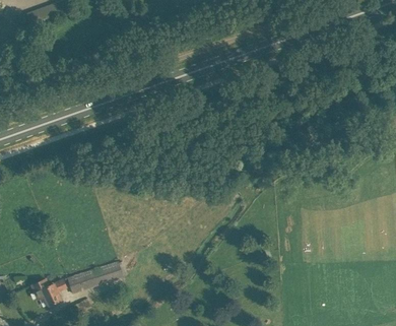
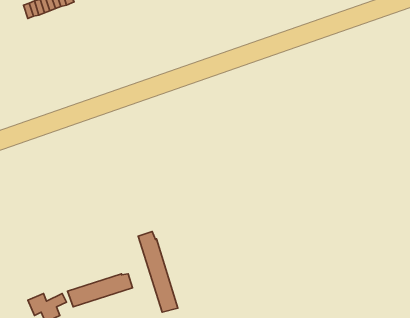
building: none -> [138,232,178,312]

